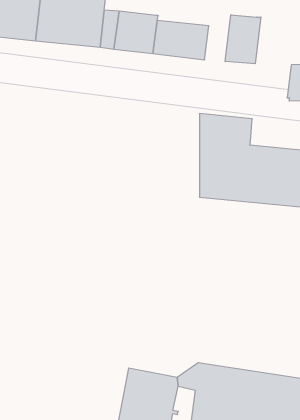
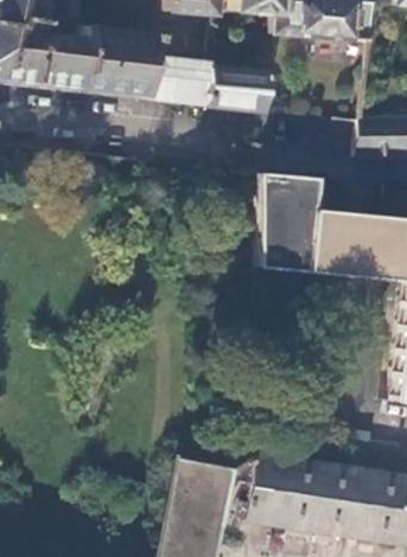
building: [225,15,261,64] -> none

